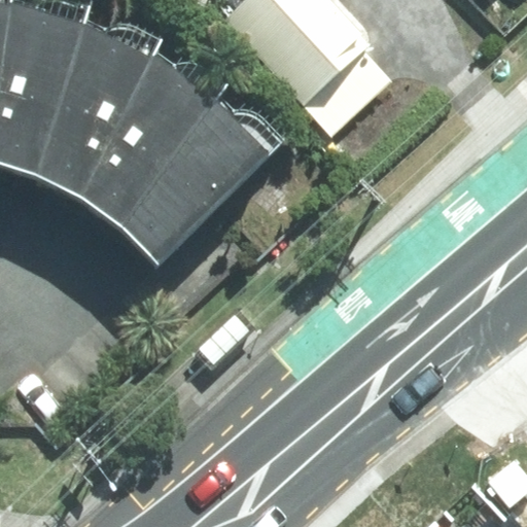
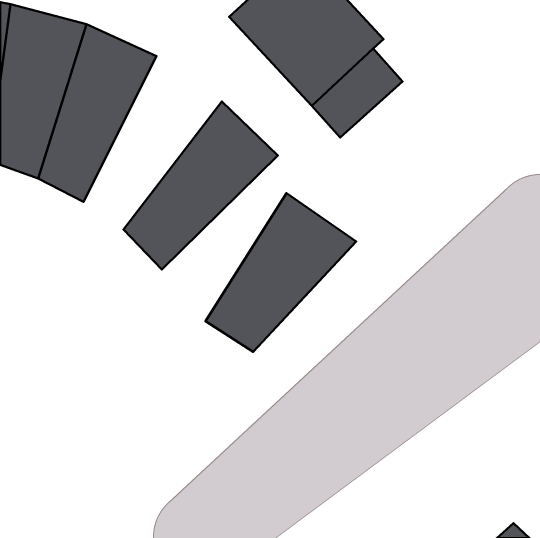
building: [81,55,216,223] -> none
building: none -> [206,193,356,352]

